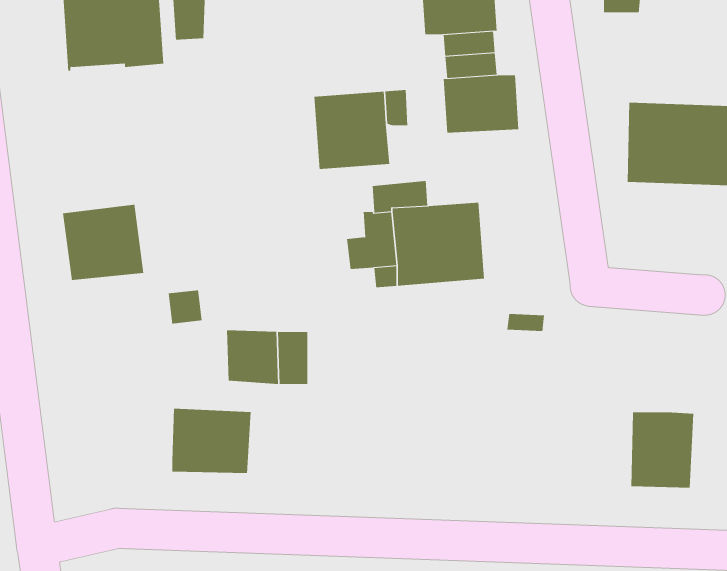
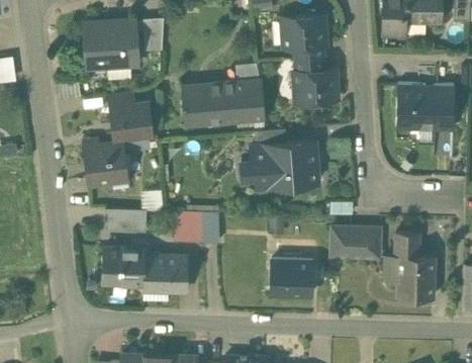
building: none -> [182,82,225,125]
building: none -> [111,103,152,140]
building: none -> [104,209,147,229]
building: none -> [332,229,379,258]
building: none -> [395,235,418,258]
building: none -> [103,248,145,284]
building: none -> [270,261,313,296]

